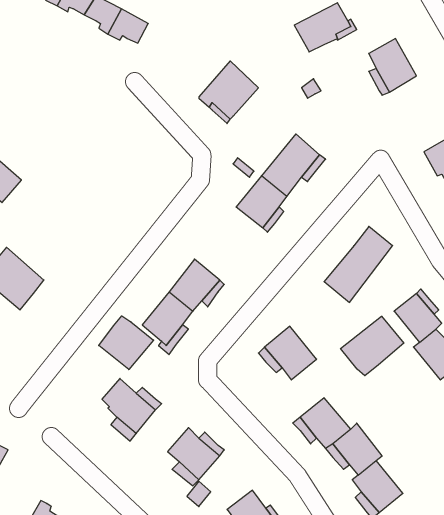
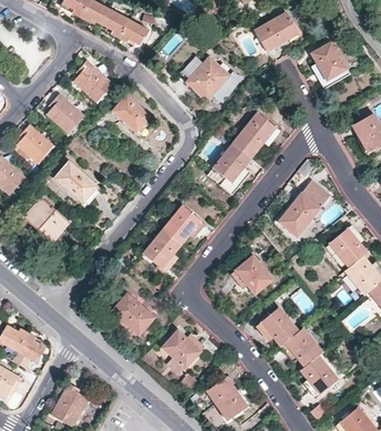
building: none -> [76,63,112,100]
building: none -> [48,92,83,131]
building: none -> [111,94,150,133]
building: none -> [54,161,97,204]
building: [99,316,154,370] -> none
building: [341,316,404,376] -> none

